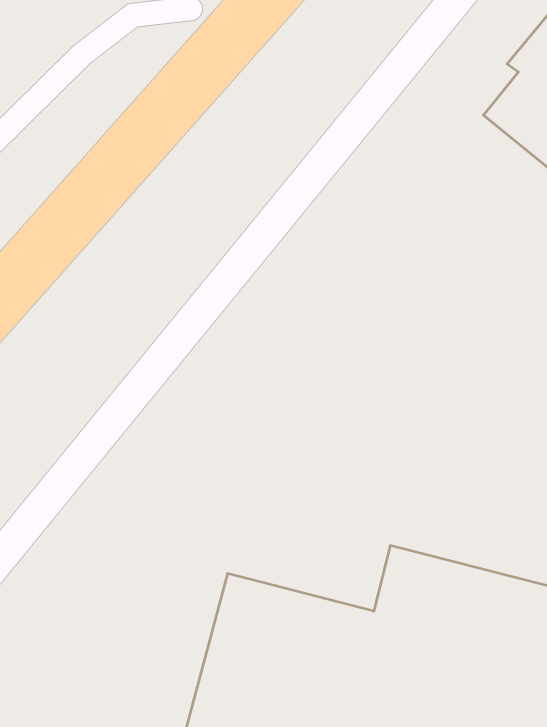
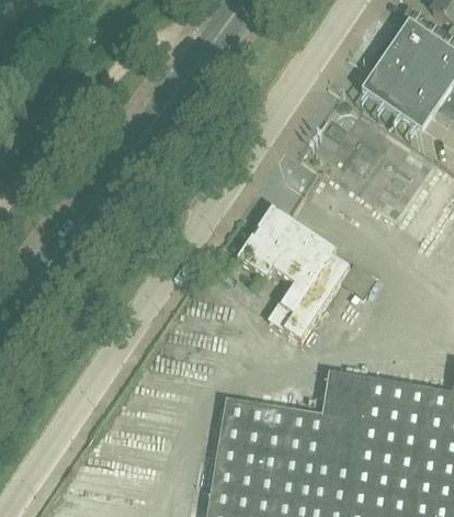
building: none -> [238,206,374,340]

